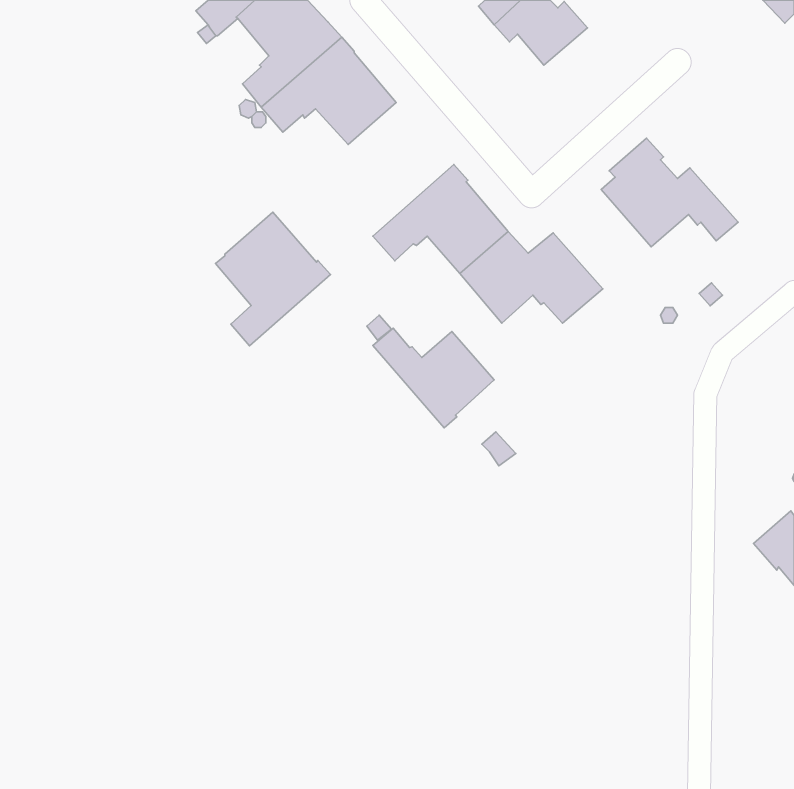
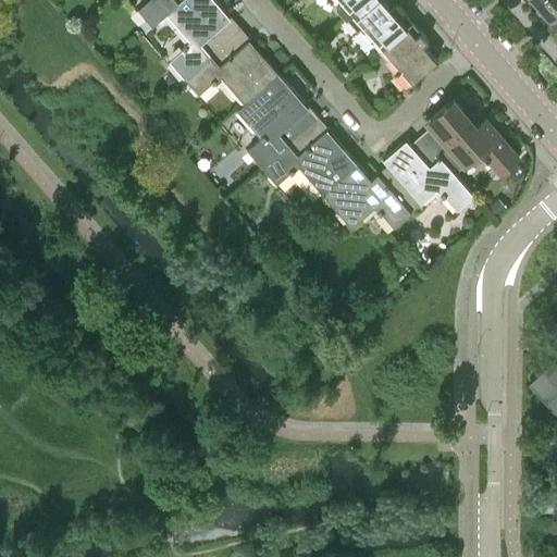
building: none -> [381,23,436,88]
building: none -> [383,136,473,212]
building: [215,212,330,346] -> [237,75,318,169]
building: [373,328,494,428] -> none

